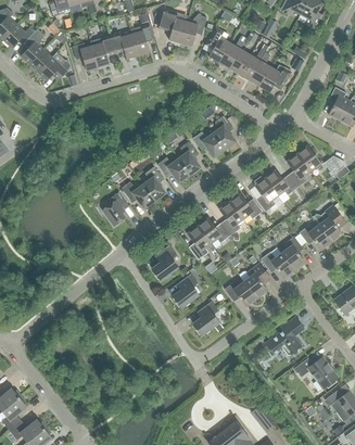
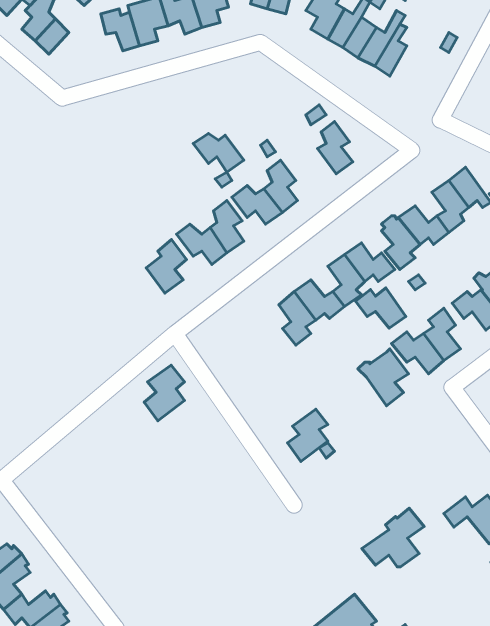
building: [39,51,72,79] -> none
building: [259,63,292,91] -> none
building: [192,131,225,156] -> [193,133,244,172]
building: [152,244,178,280] -> [144,365,185,421]
building: [173,274,199,307] -> none
building: [225,280,257,306] -> [355,288,406,328]
building: [265,316,305,354] -> [362,508,424,567]

